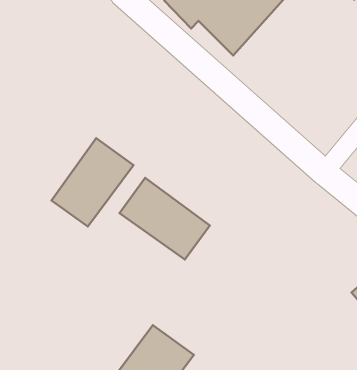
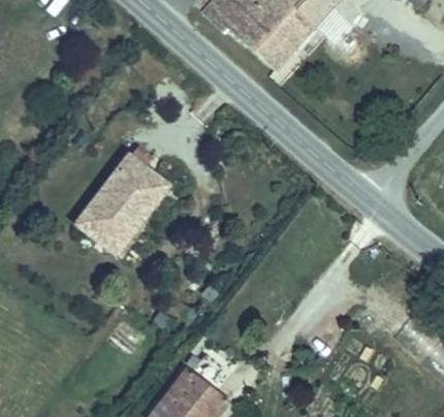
building: [119,178,210,259] -> none

